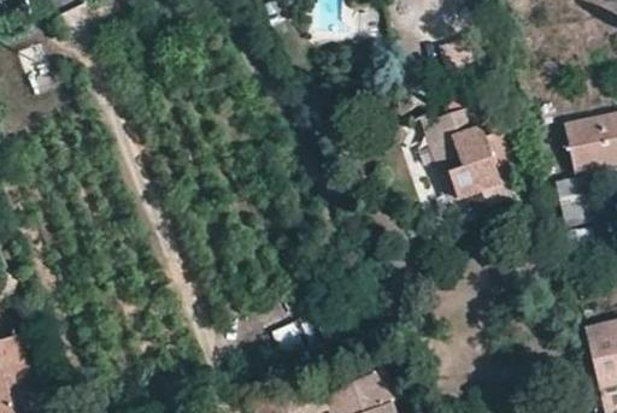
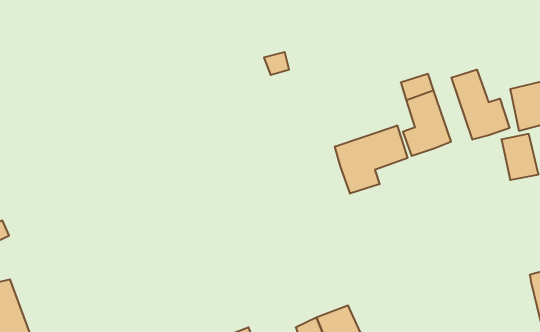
building: none -> [451,70,509,140]
building: none -> [335,125,408,194]

